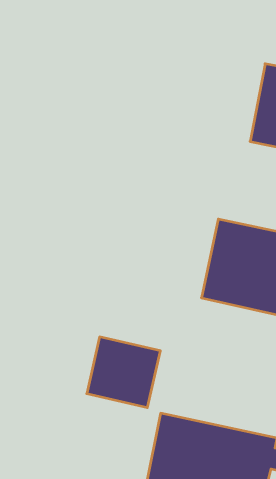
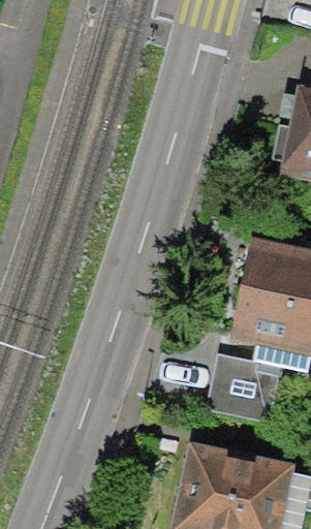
building: [87,337,160,408] -> [205,351,281,425]

